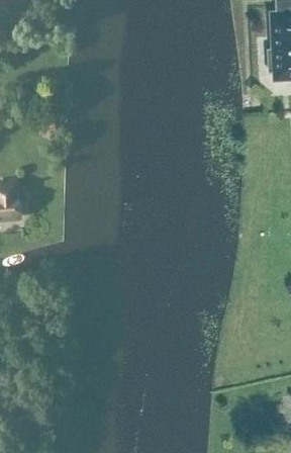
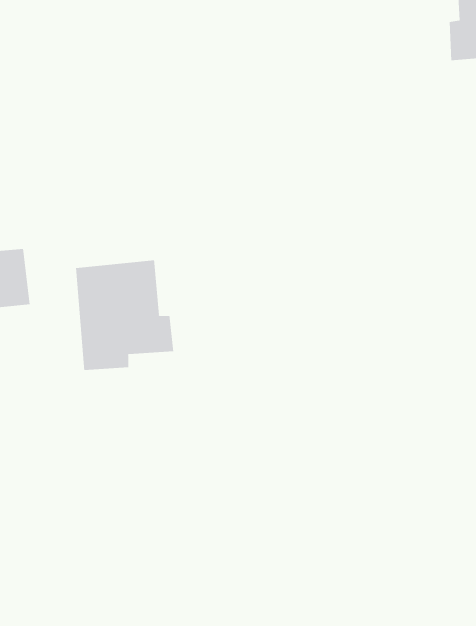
building: none -> [75,259,174,371]

